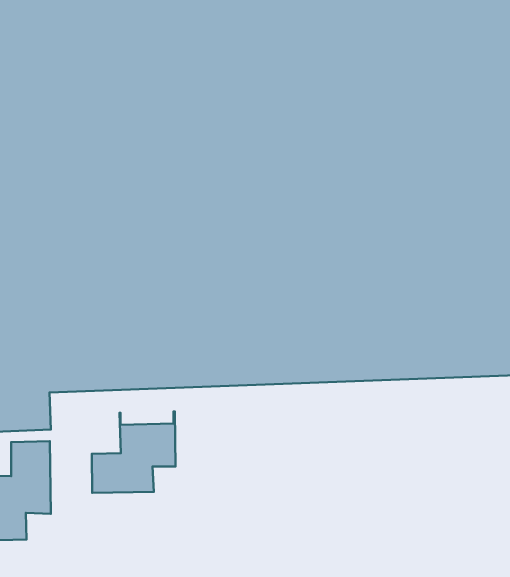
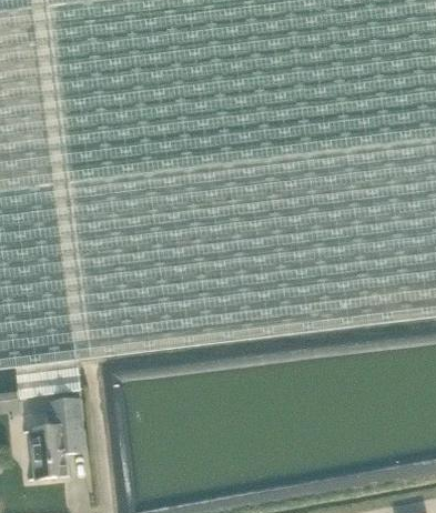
building: [92,411,175,493] -> none

